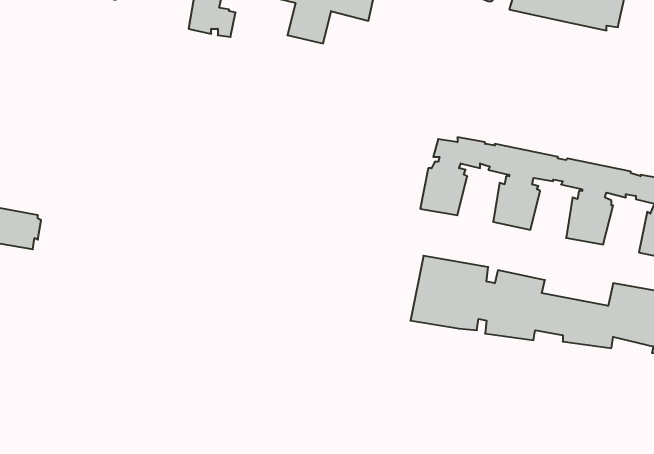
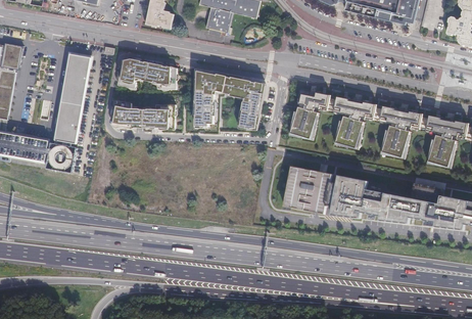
building: none -> [46,52,91,173]
building: none -> [117,57,176,88]
building: none -> [194,69,265,130]
building: none -> [111,98,175,127]

